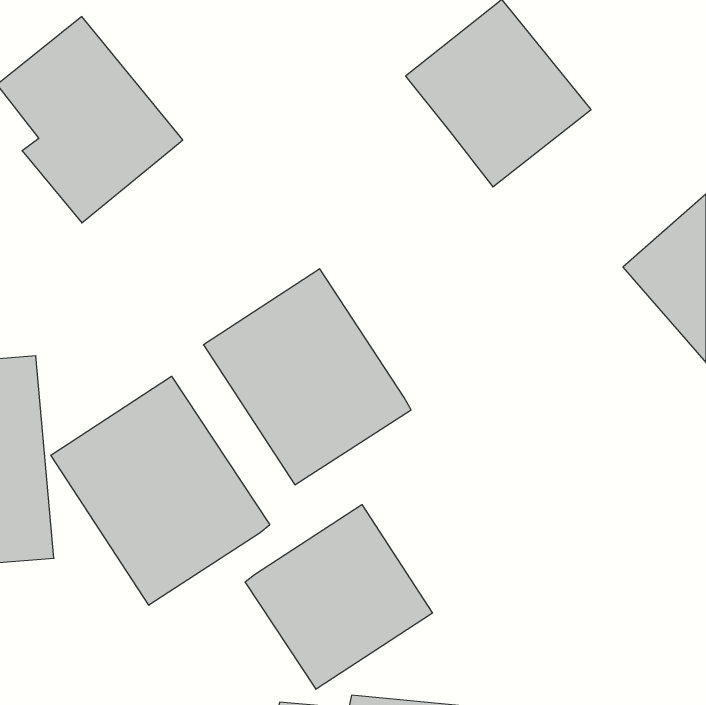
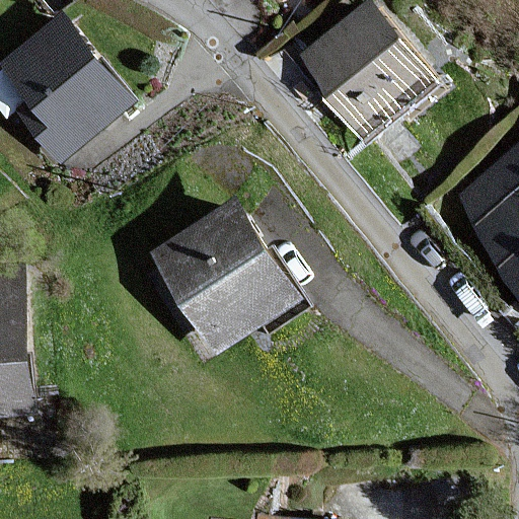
building: [51,376,270,605] -> none
building: [245,505,433,689] -> none

